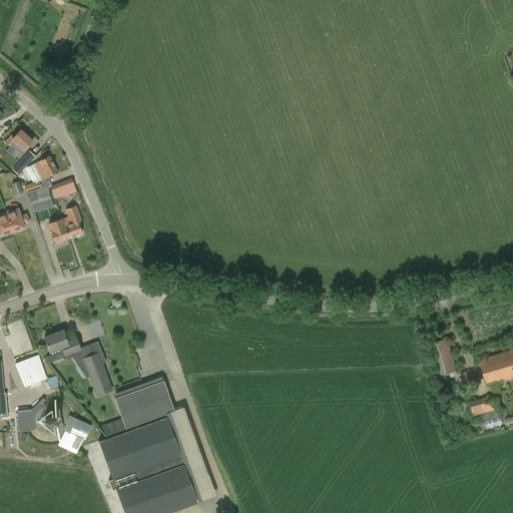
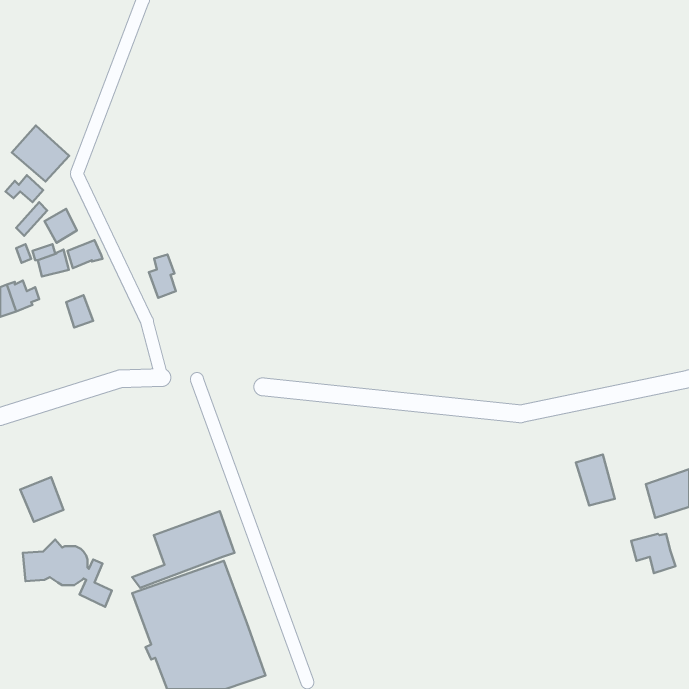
building: none -> [12,125,69,182]
building: [62,206,82,238] -> [149,255,176,298]
building: [44,331,111,396] -> none

